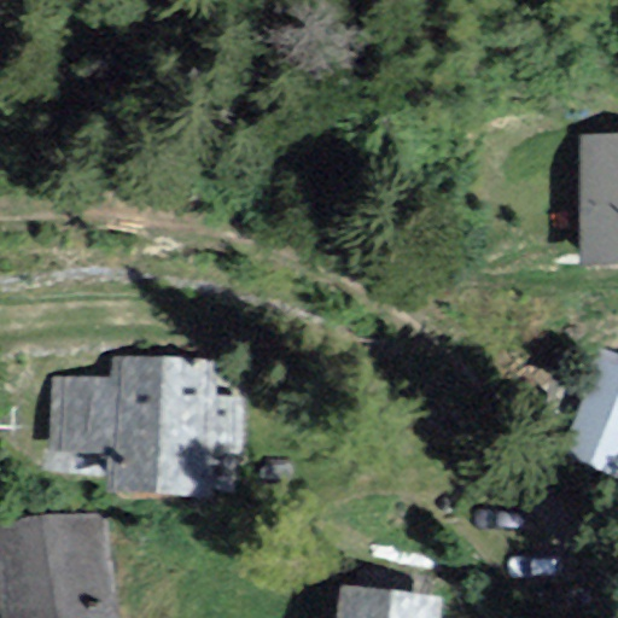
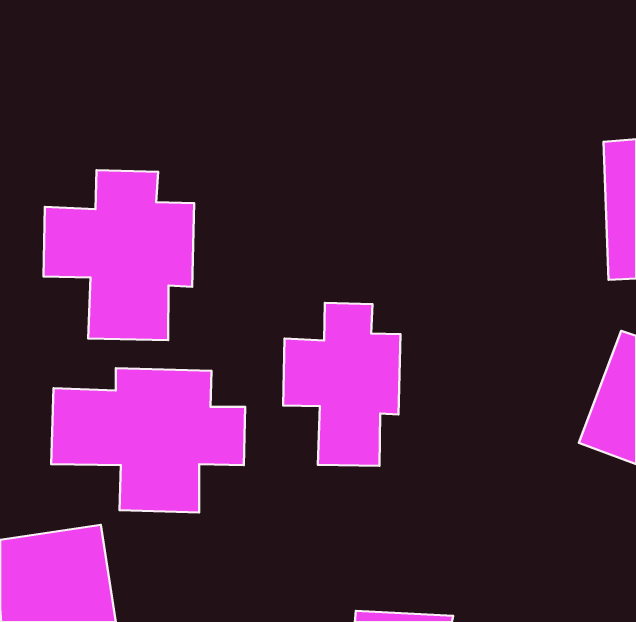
building: none -> [43,170,194,340]
building: none -> [283,303,401,466]

